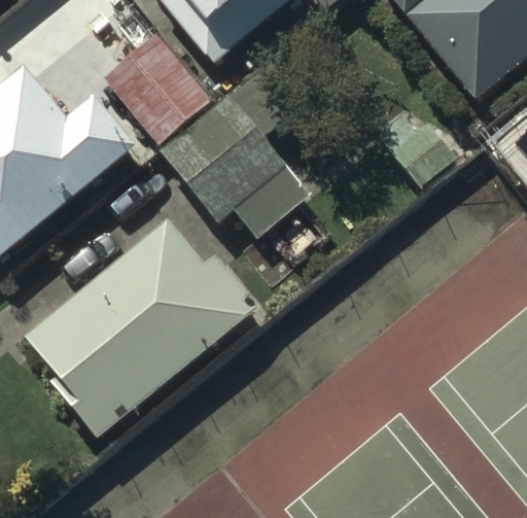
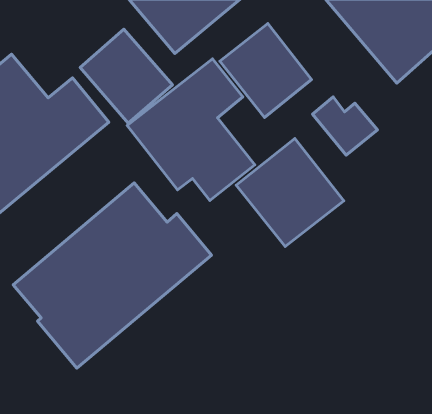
building: none -> [220,23,312,117]
building: none -> [236,139,344,246]

